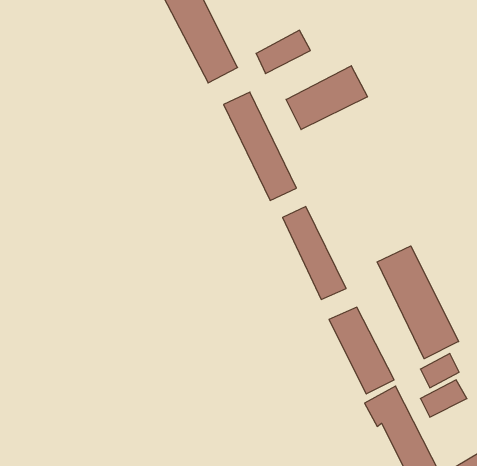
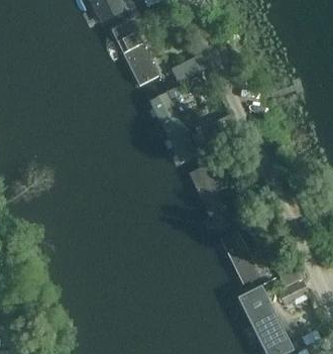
building: [286,66,367,130] -> none
building: [377,246,459,359] -> none

